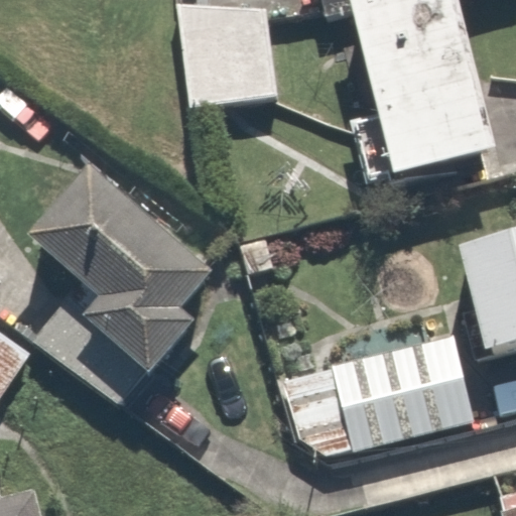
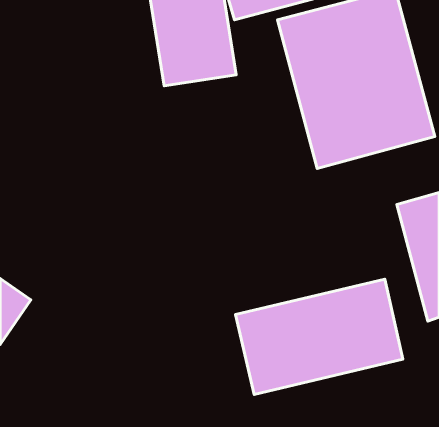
building: [28,167,230,380] -> none

